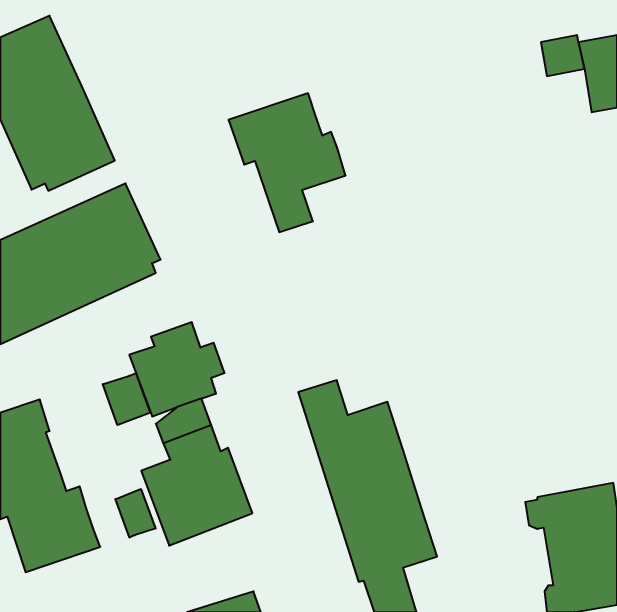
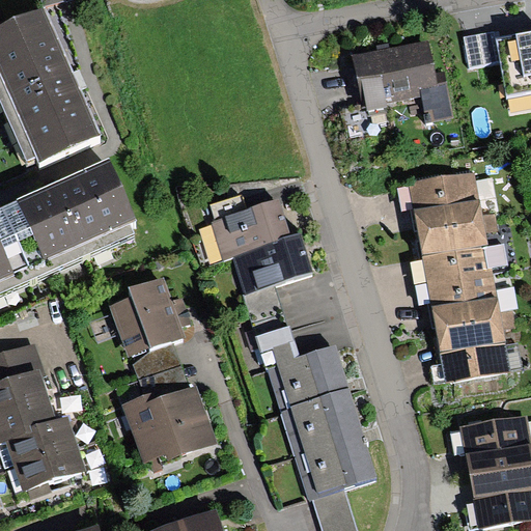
building: none -> [353,39,453,120]
building: [228,93,346,232] -> [211,200,311,319]
building: none -> [408,167,512,381]
building: [103,373,150,425] -> none
building: [115,489,156,538] -> none

